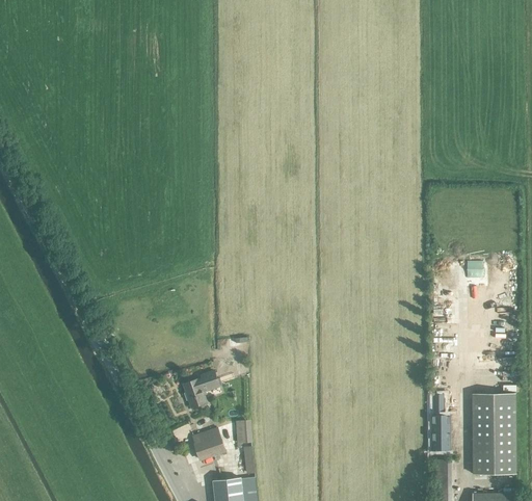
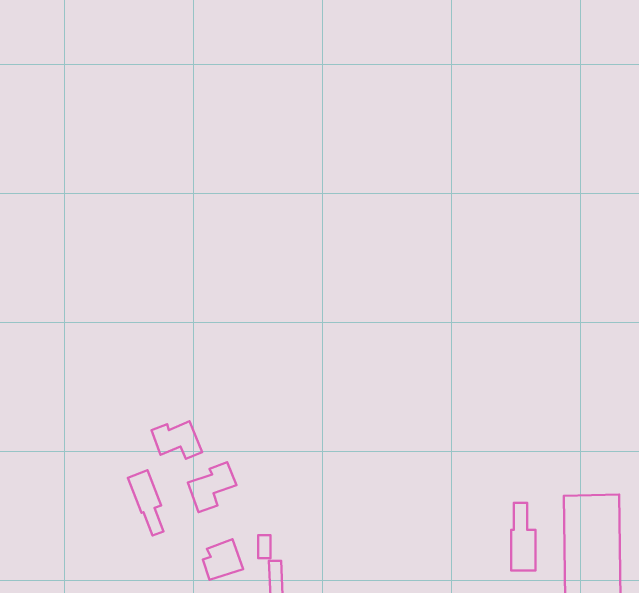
building: none -> [152,421,202,459]
building: none -> [128,470,164,536]

